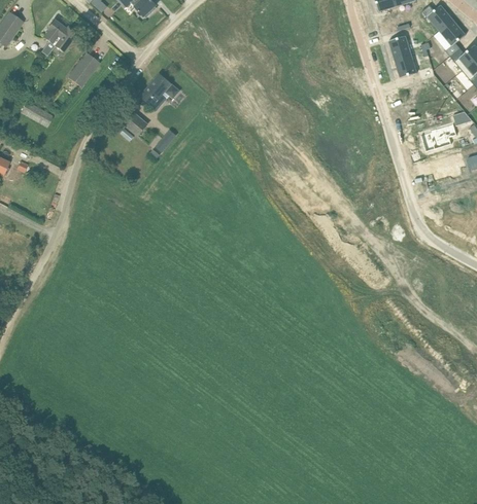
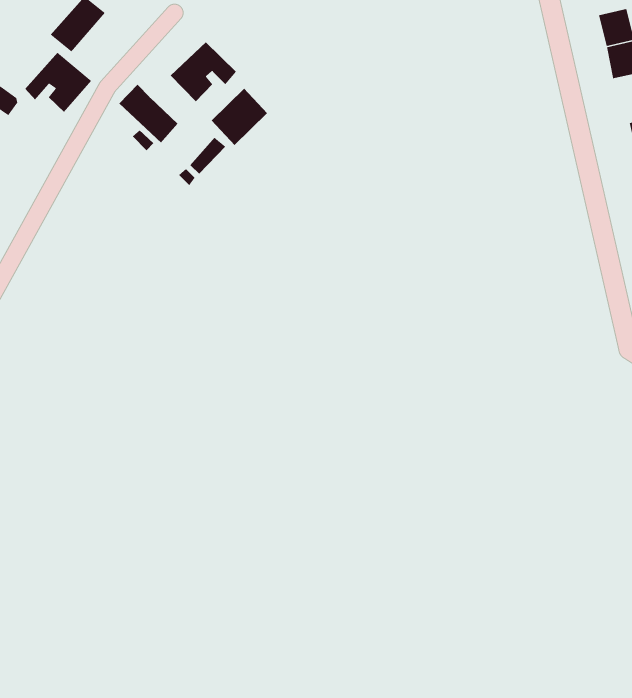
building: none -> [24,52,92,113]
building: none -> [211,88,268,146]

